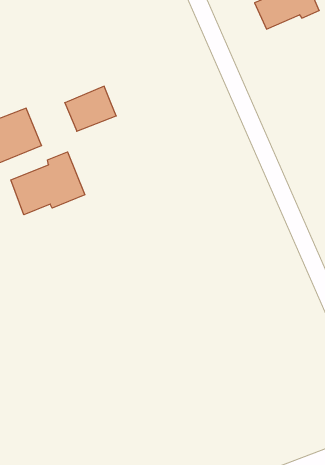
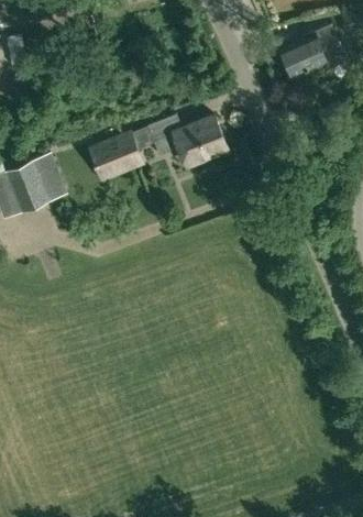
building: none -> [146,114,227,165]
building: [11,152,85,215] -> none

